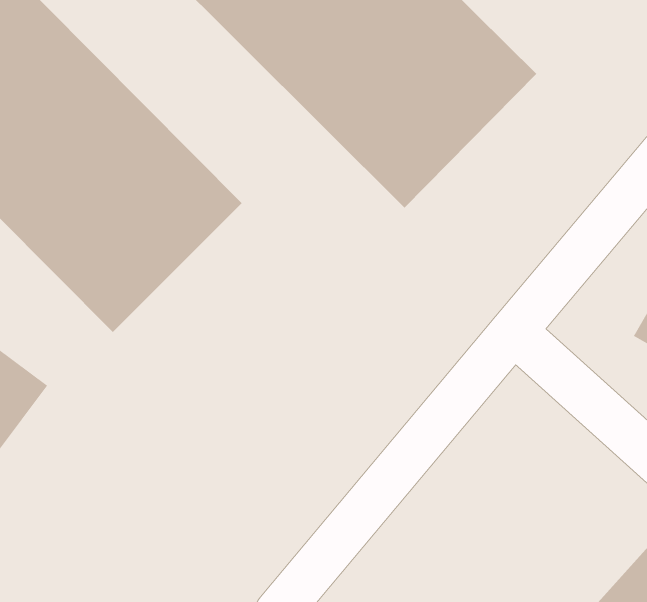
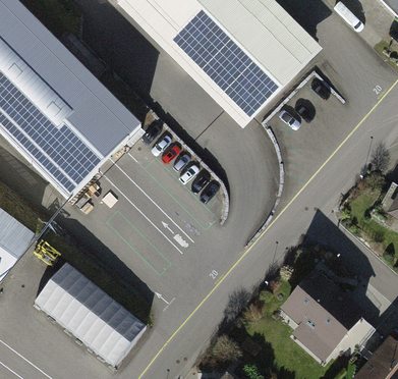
building: none -> [35,254,148,359]
building: none -> [279,270,362,360]

